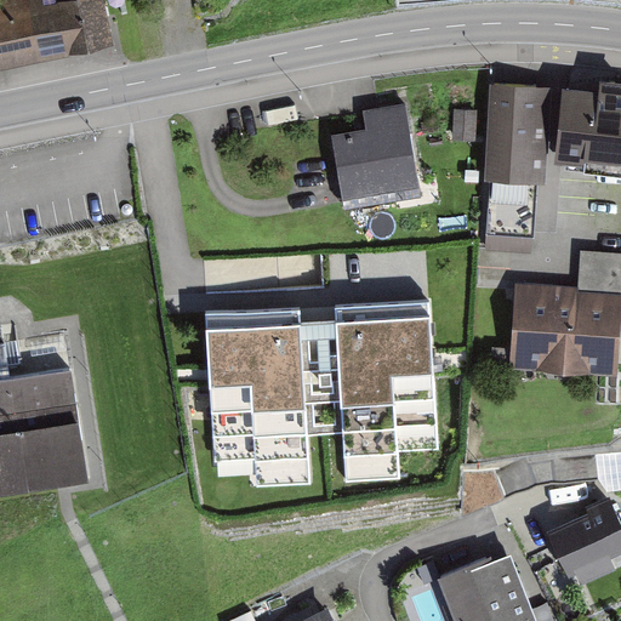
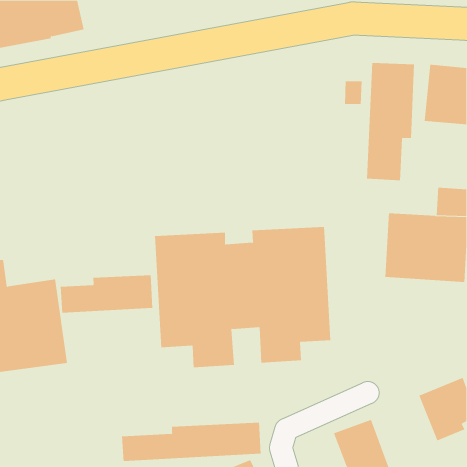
building: [334,103,417,198] -> none
building: none -> [60,275,153,314]
building: none -> [122,422,261,462]

